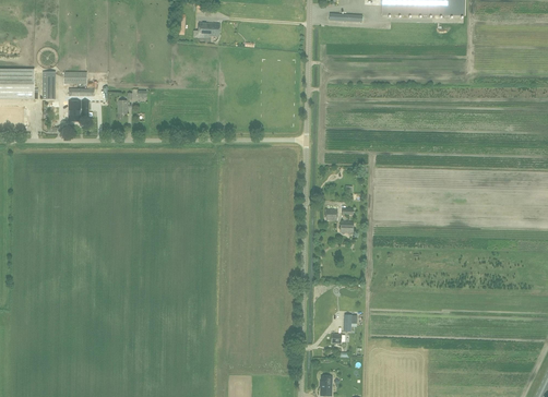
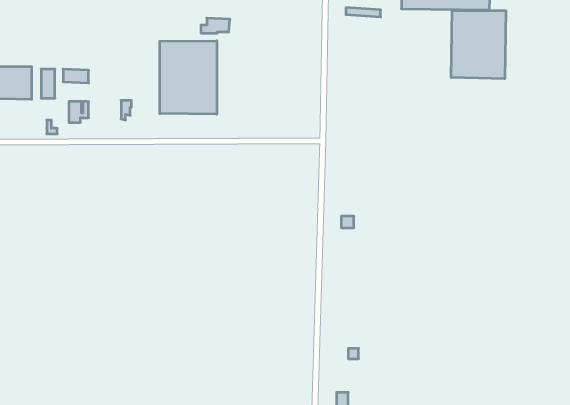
building: none -> [451,10,506,79]
building: none -> [160,41,217,114]

